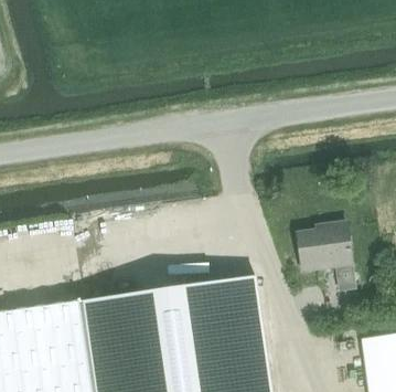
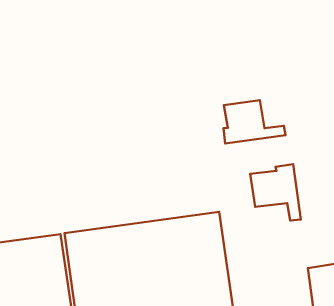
building: none -> [223,100,286,144]

